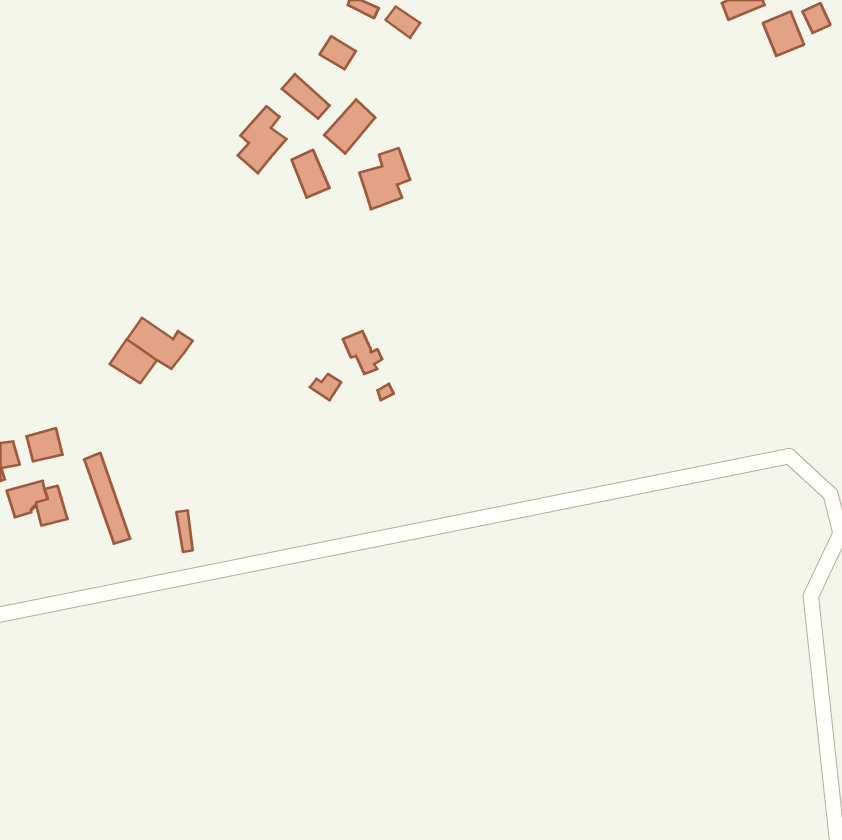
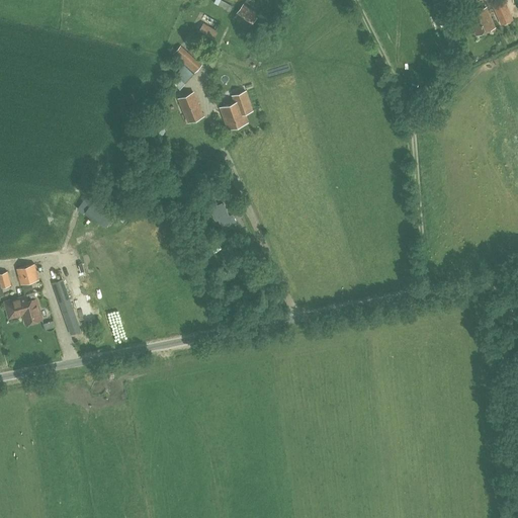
building: [324,99,375,154] -> none
building: [238,106,287,173] -> none
building: [110,339,157,383] -> none

